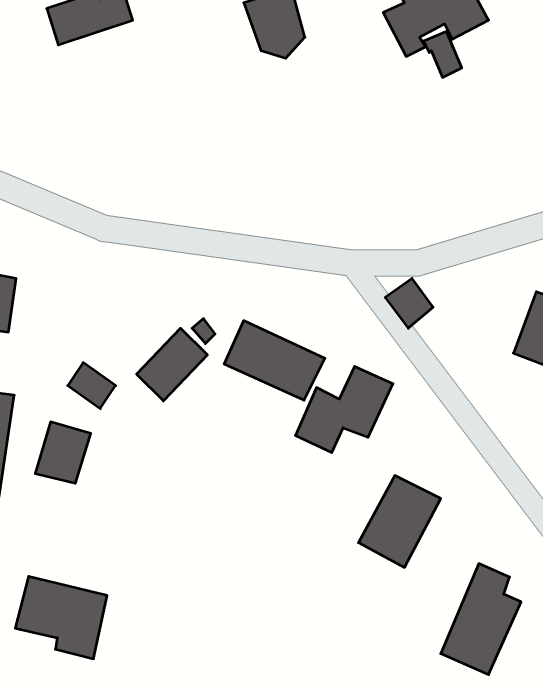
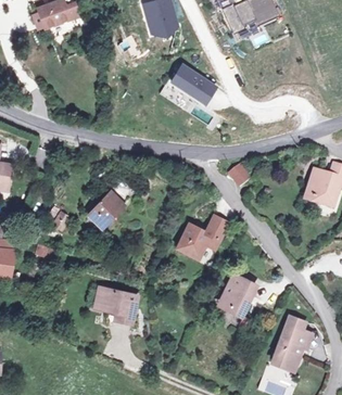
building: none -> [175,64,219,102]
building: [224,321,325,400] -> none
building: [15,576,107,659] -> [89,282,141,329]

